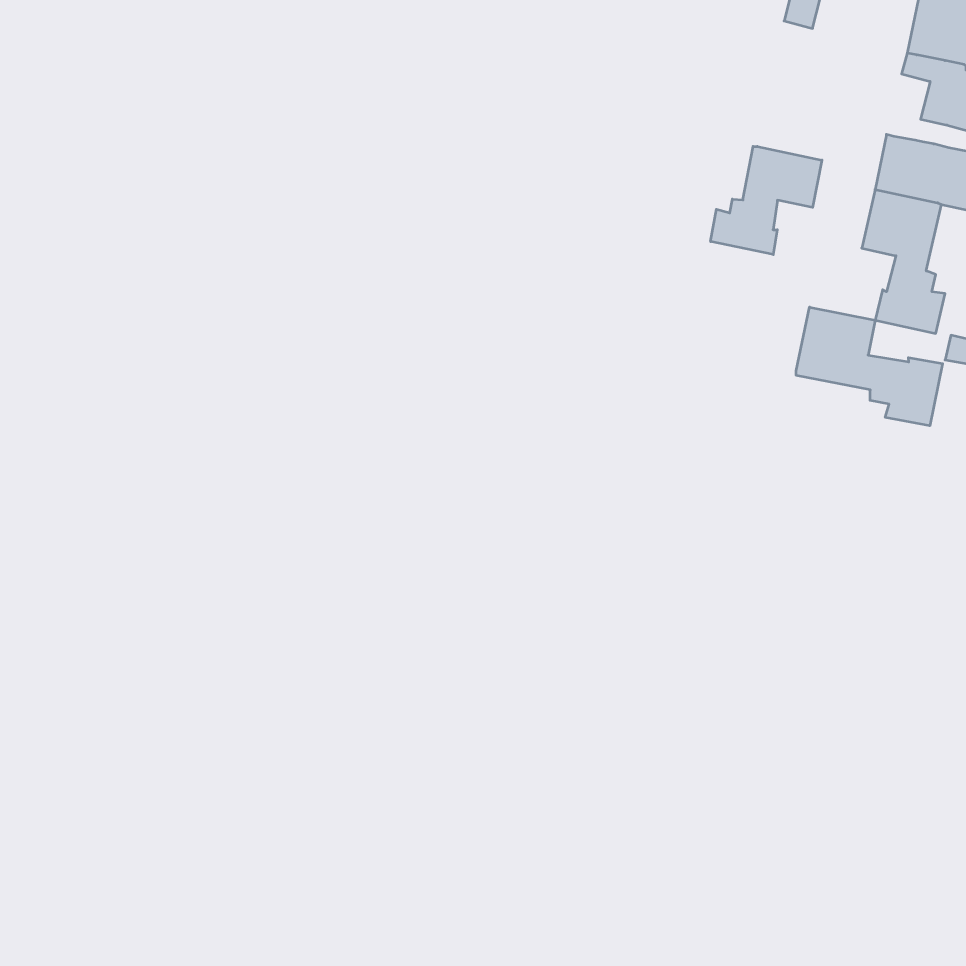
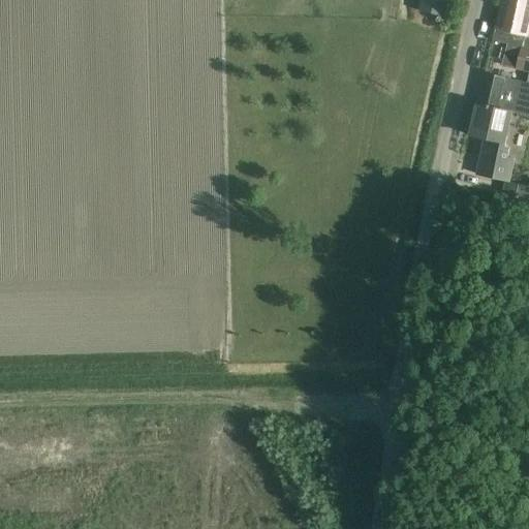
building: [711,146,822,255] -> none
building: [796,307,943,426] -> none

